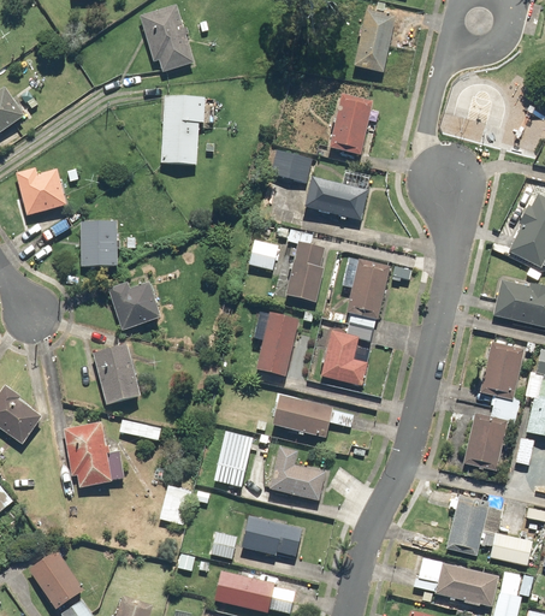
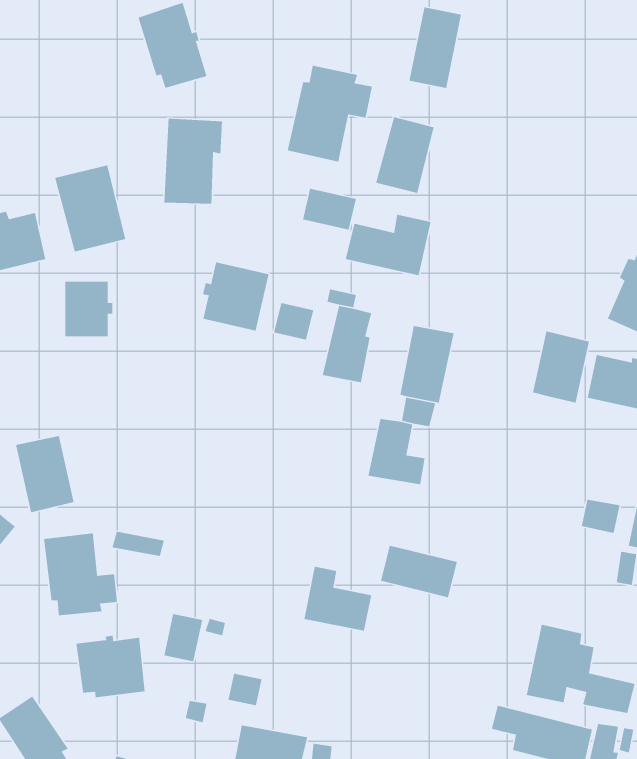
building: none -> [287,65,373,163]
building: none -> [54,164,126,253]
building: none -> [202,262,269,332]
building: [109,282,161,330] -> none
building: [259,313,300,375] -> none
building: [478,336,523,393] -> [532,330,590,404]
building: [94,344,141,405] -> [15,435,75,513]
building: [272,395,333,437] -> [380,545,458,598]
building: [463,416,507,473] -> none
building: [214,431,253,486] -> none
building: none -> [76,635,146,698]
building: [241,515,302,556] -> none

